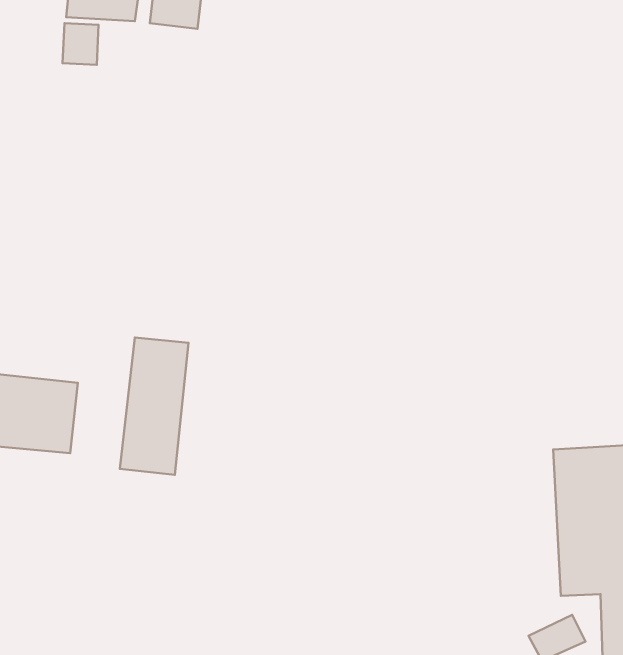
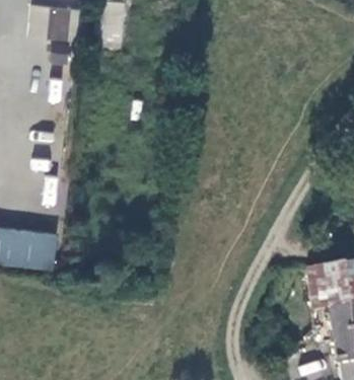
building: [120,337,189,475] -> none

